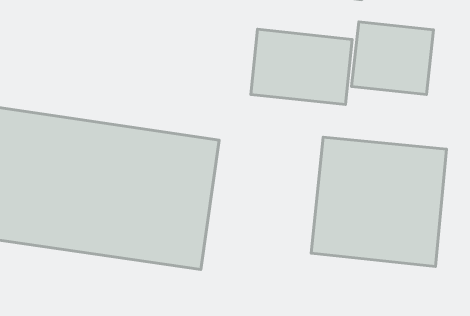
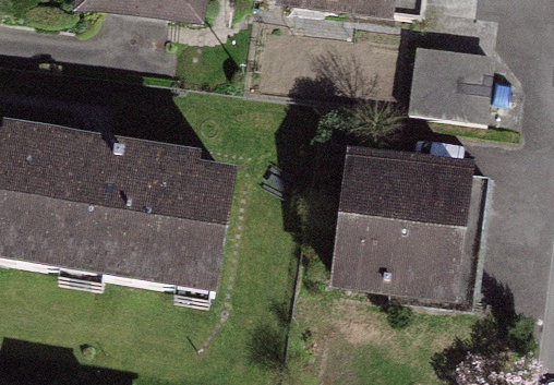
building: [251,29,352,105] -> none

